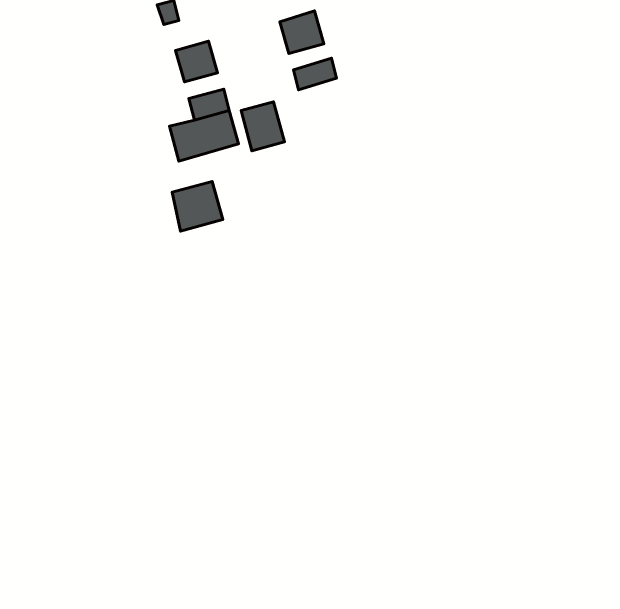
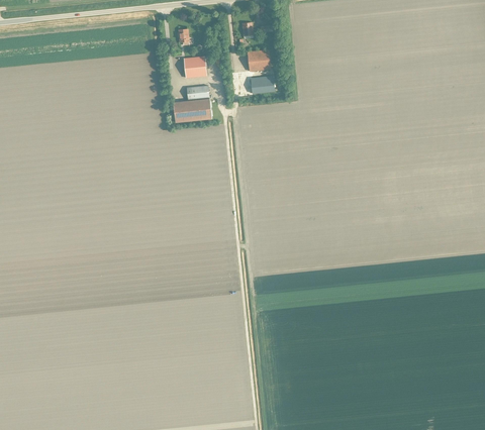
building: [241,102,284,151] -> none
building: [172,182,223,231] -> none

